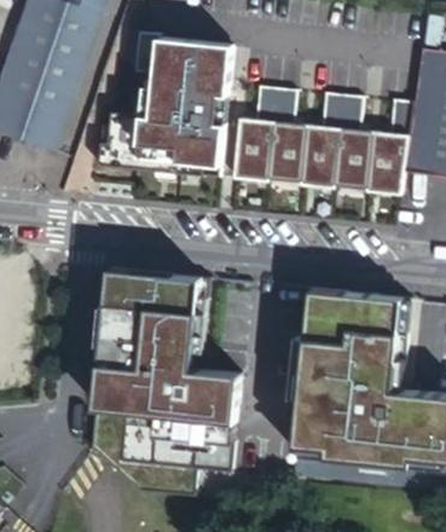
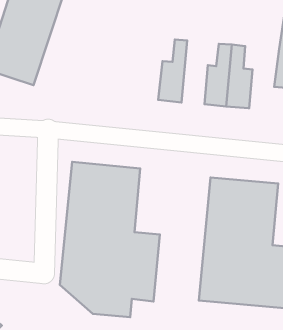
building: [99,34,232,175] -> none
building: [270,87,308,180] -> none
building: [369,98,412,189] -> none

